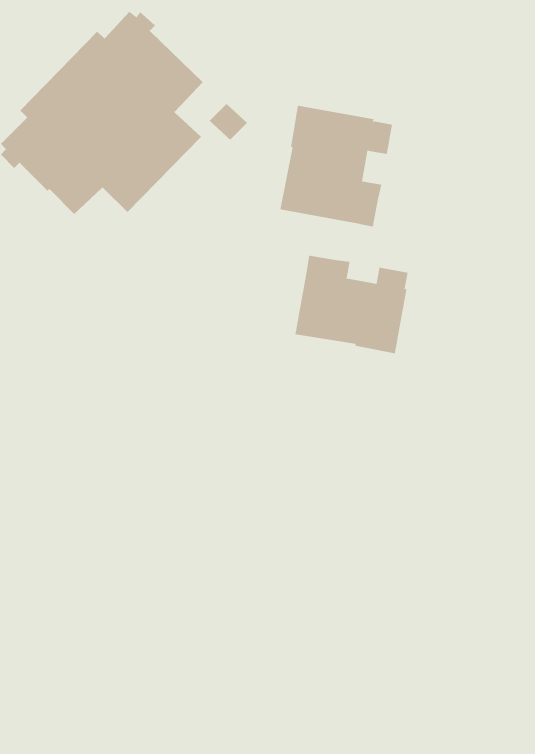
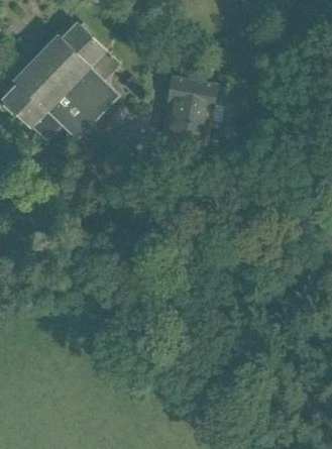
building: [295,255,408,354] -> none

